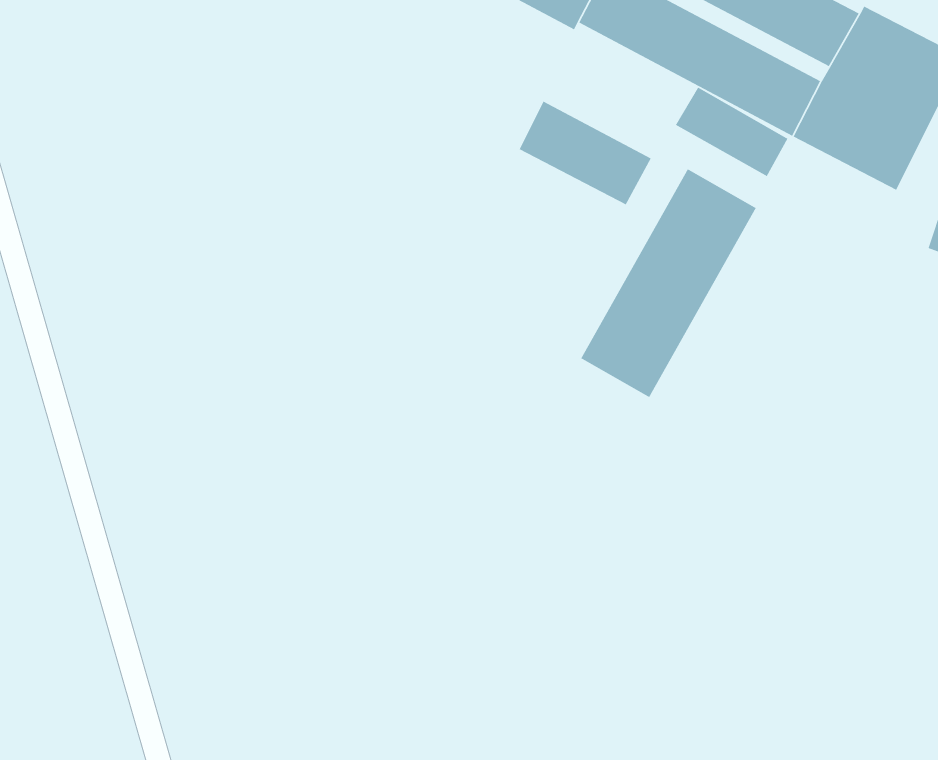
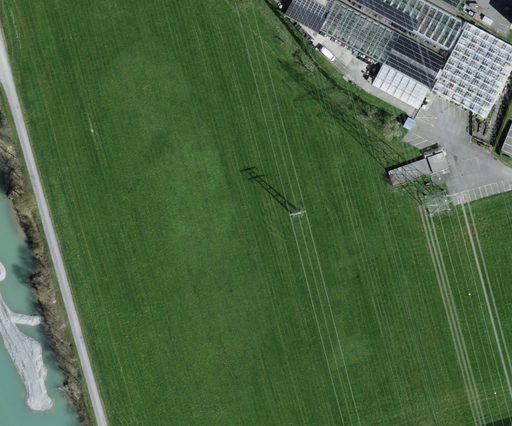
building: [519,100,652,205] -> none
building: [580,168,757,398] -> none

